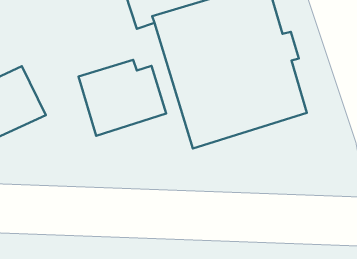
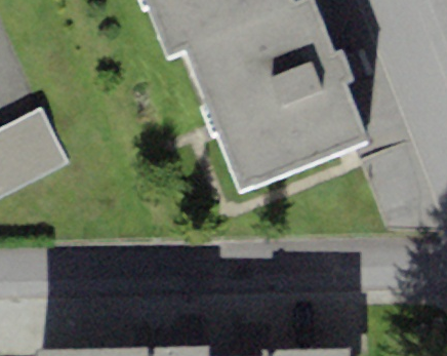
building: [79,60,166,136] -> none

